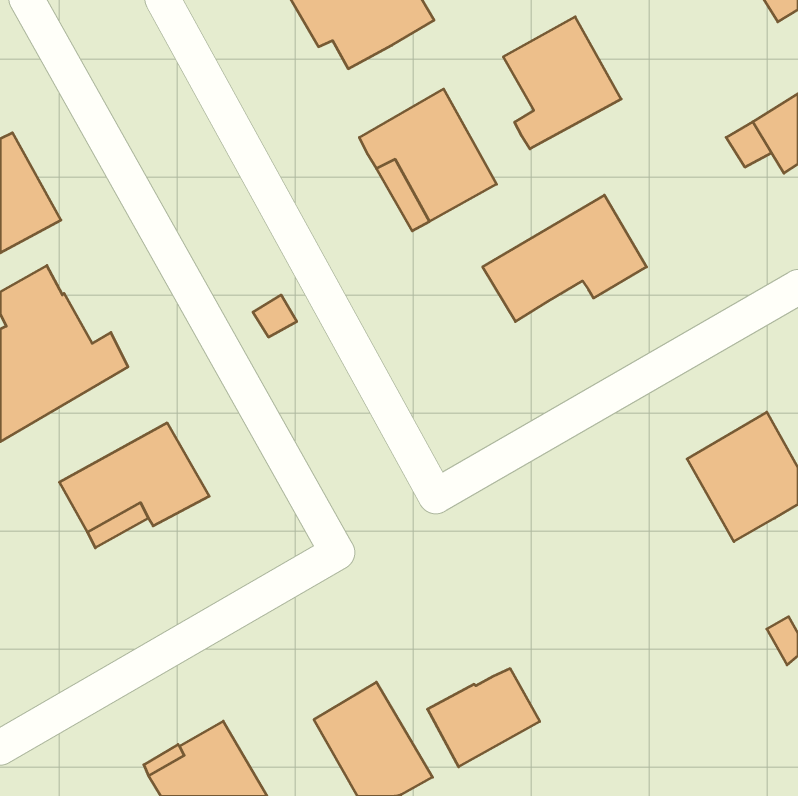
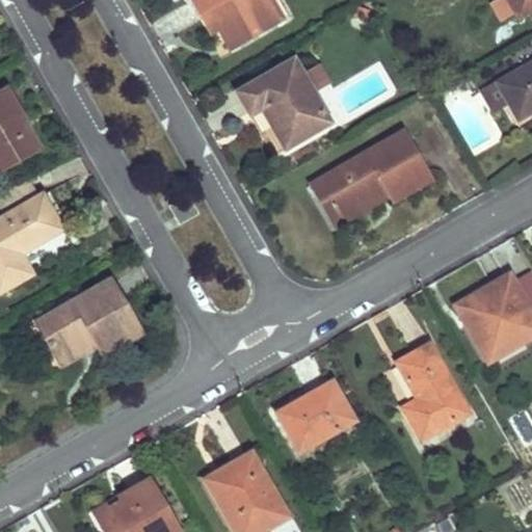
building: [503,17,621,149] -> none
building: none -> [311,178,392,227]
building: none -> [397,343,470,440]
building: [427,669,540,767] -> [278,385,353,451]

